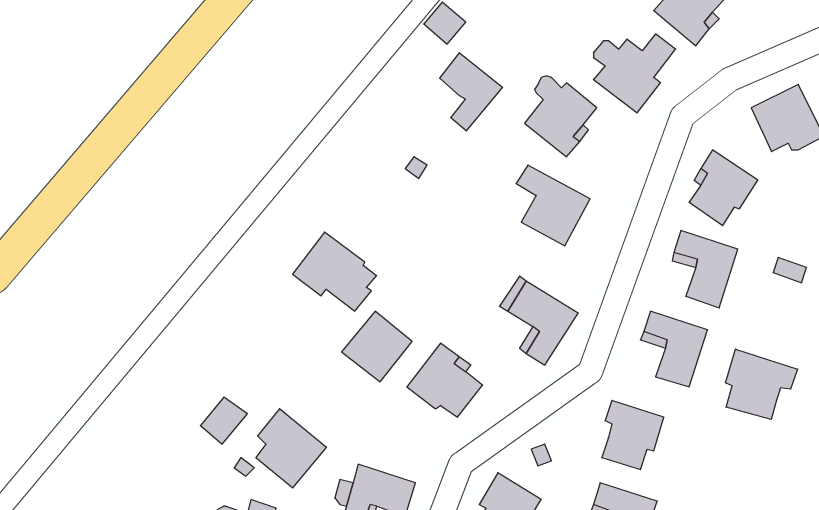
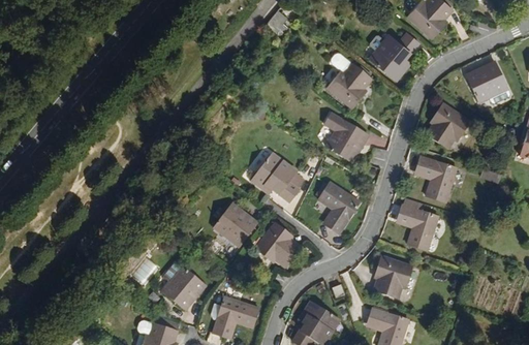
building: [440,53,502,131] -> none
building: [293,232,377,311] -> [251,154,303,202]
building: [726,349,798,419] -> none

